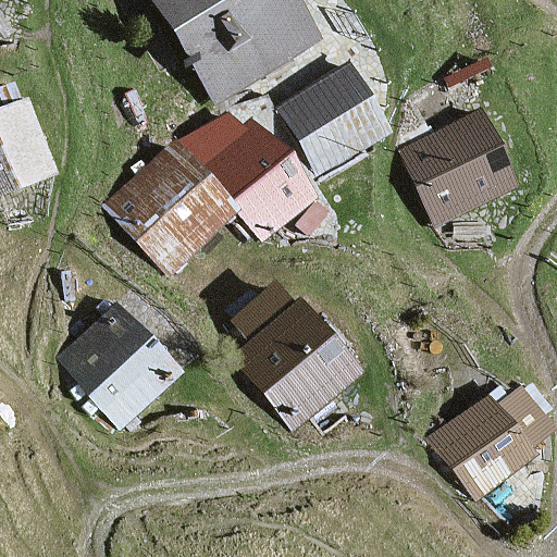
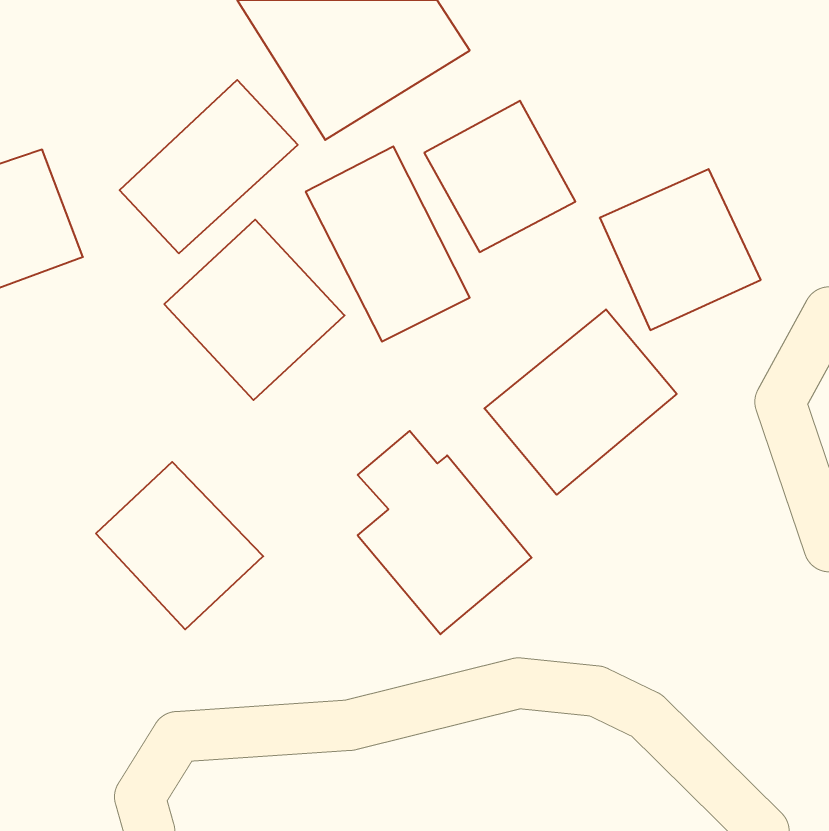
building: none -> [120,80,298,253]
building: none -> [484,309,677,495]
building: [435,395,543,495] -> none

